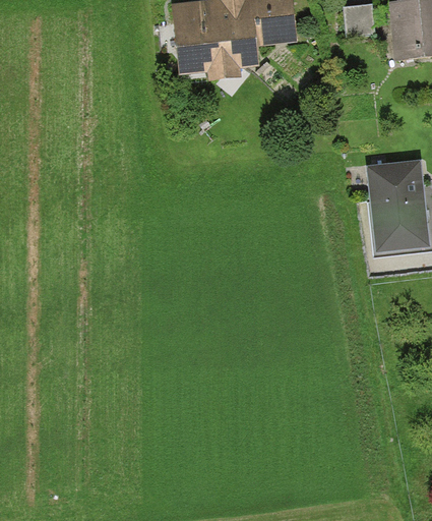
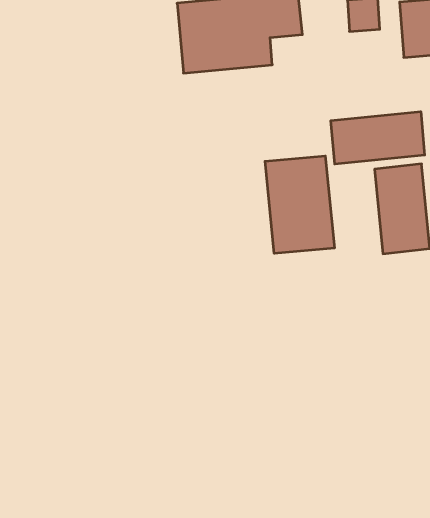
building: none -> [331,112,425,164]
building: none -> [265,156,334,253]

